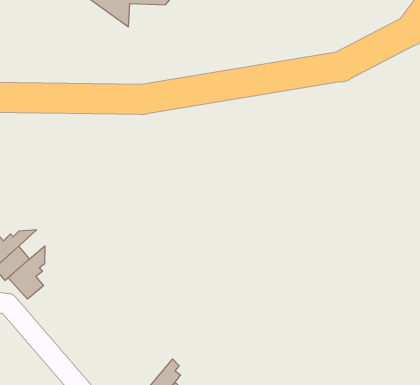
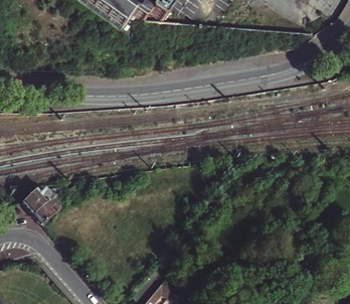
building: [8,246,45,299] -> none

